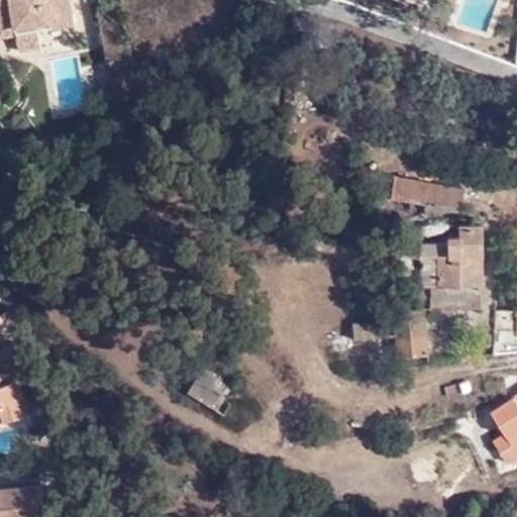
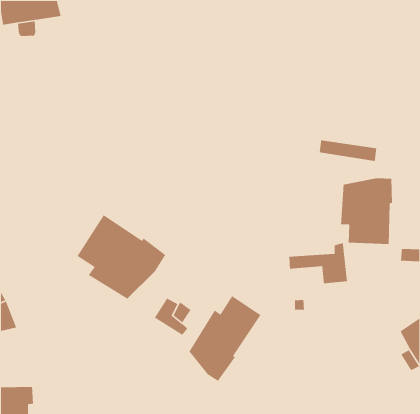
building: none -> [76,214,166,299]
building: none -> [189,295,261,382]

